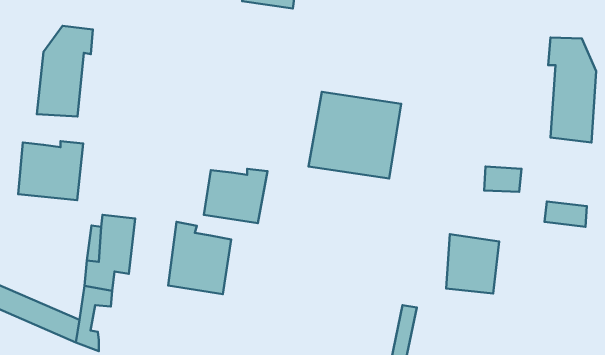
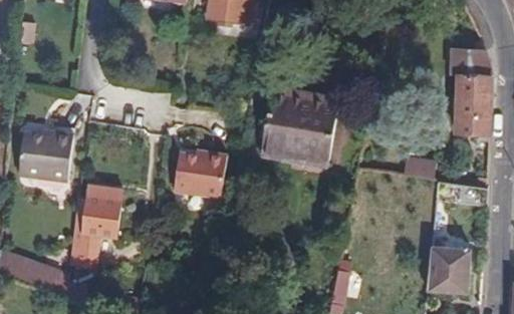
building: [37,26,93,117] -> none
building: [168,222,231,294] -> none
building: [446,234,499,293] -> [428,245,472,294]

